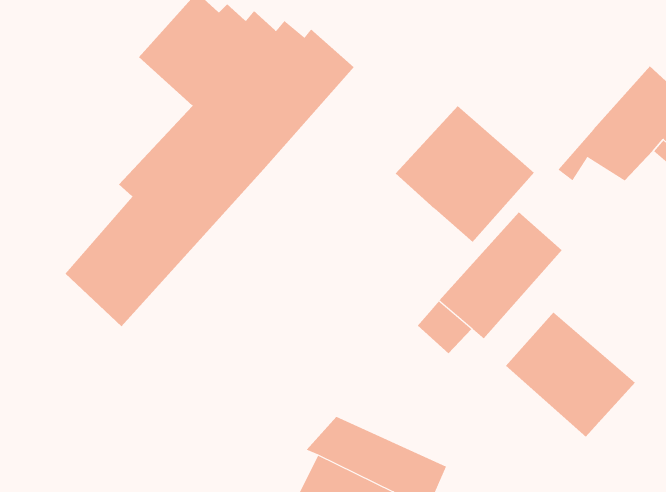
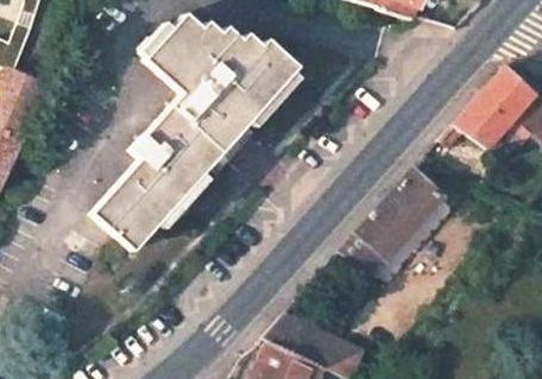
building: [395,105,535,243] -> none
building: [505,312,636,437] -> none

